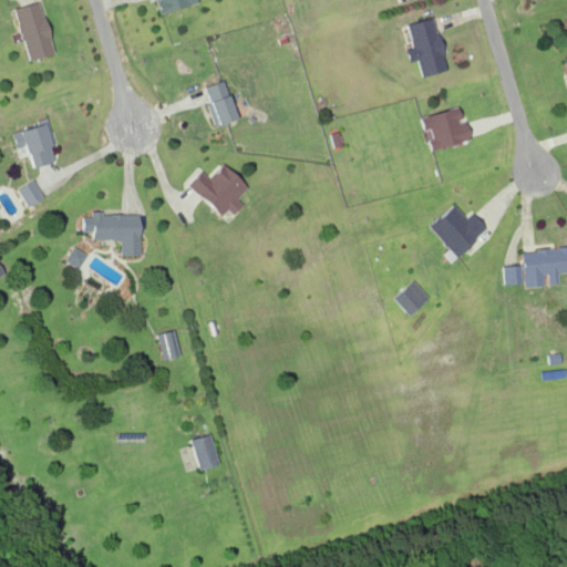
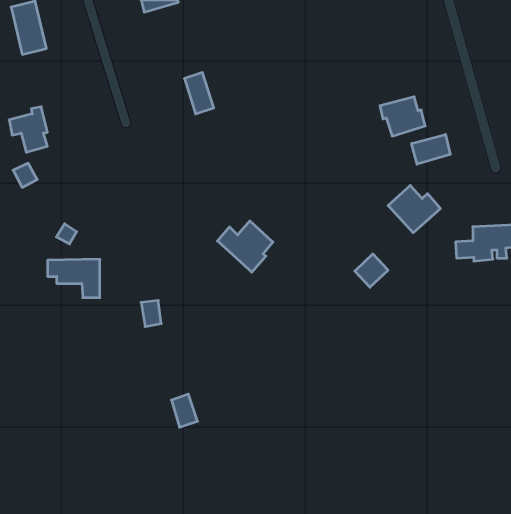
building: [409,18,449,78] -> none
building: none -> [412,134,450,164]
building: [189,164,250,220] -> [217,221,273,272]
building: [84,214,142,256] -> [48,259,100,298]

